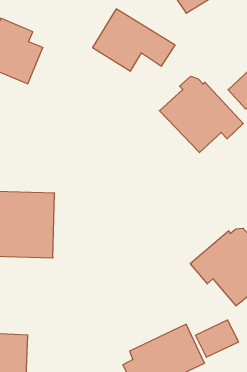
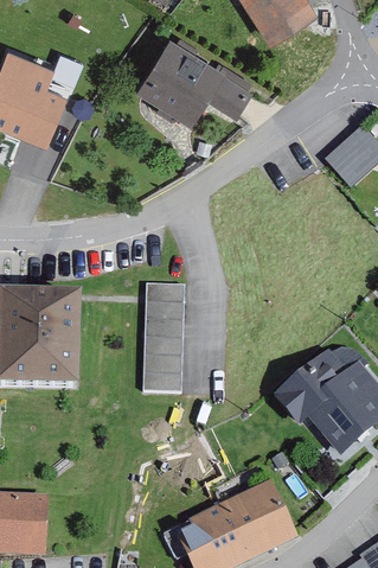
building: [159,76,243,153] -> none
building: none -> [142,285,182,393]
building: [196,320,238,357] -> none

